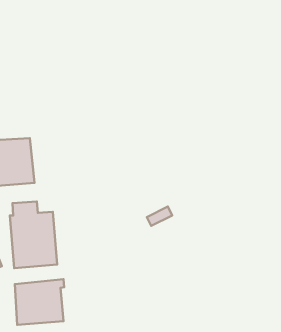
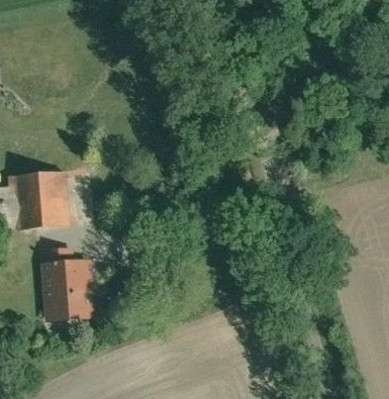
building: [15,279,64,325] -> none

